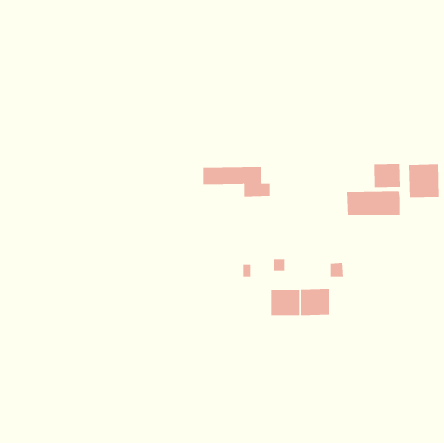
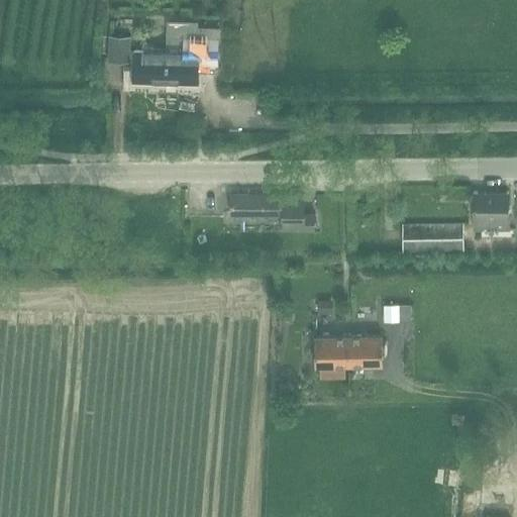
building: none -> [108,28,218,85]
building: [374,163,400,188] -> none

